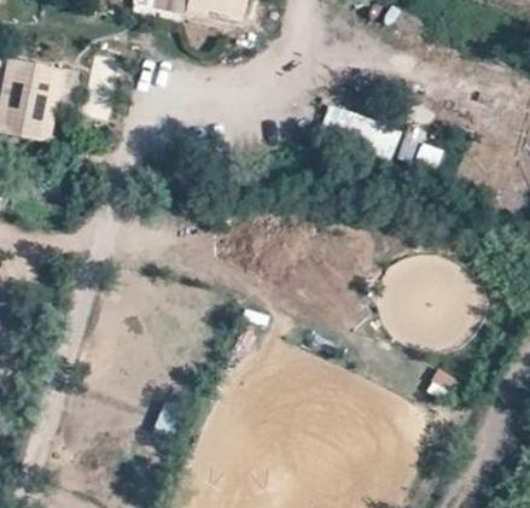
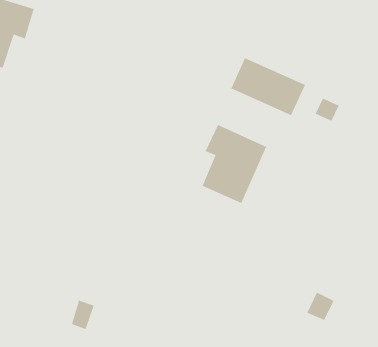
building: none -> [202,124,267,204]

